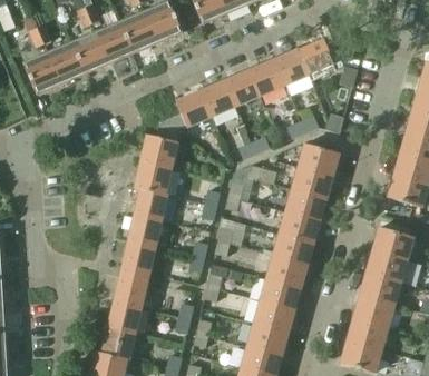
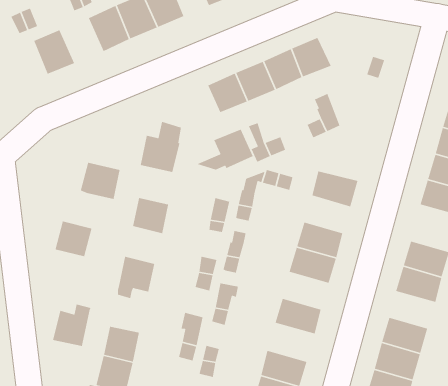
building: [71,32,109,72] -> none
building: [298,38,334,75] -> none
building: [23,52,60,93] -> none
building: [160,91,212,128] -> [195,128,254,170]
building: [298,142,340,175] -> none
building: [135,161,170,195] -> [80,162,120,200]
building: [285,188,326,220] -> none
building: [128,215,162,247] -> [54,220,93,257]
building: [266,255,308,287] -> none
building: [115,269,149,307] -> [52,304,92,347]
building: [360,271,401,304] -> none
building: [253,299,295,333] -> none

